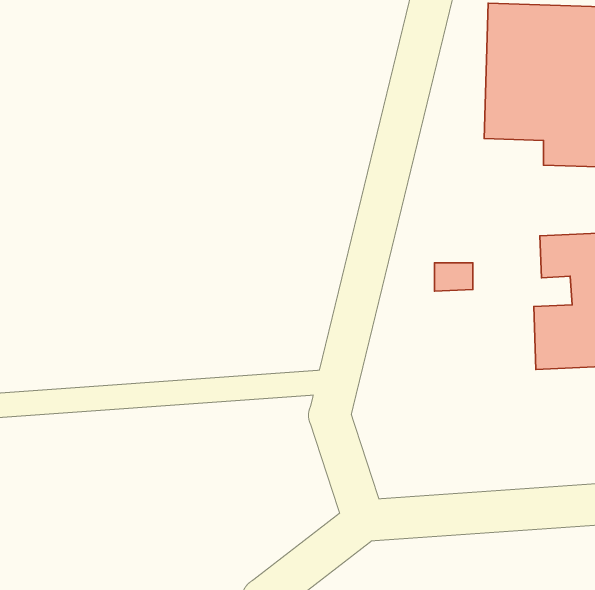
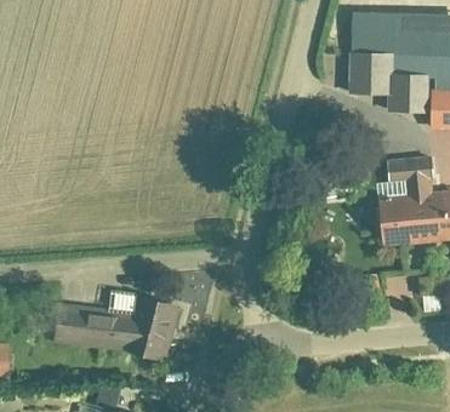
building: none -> [55,293,178,364]

